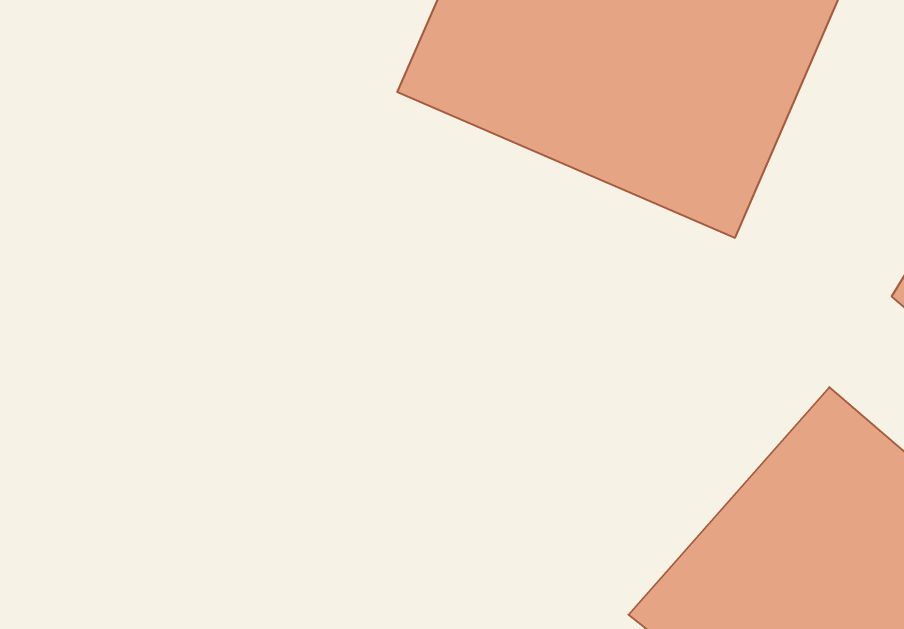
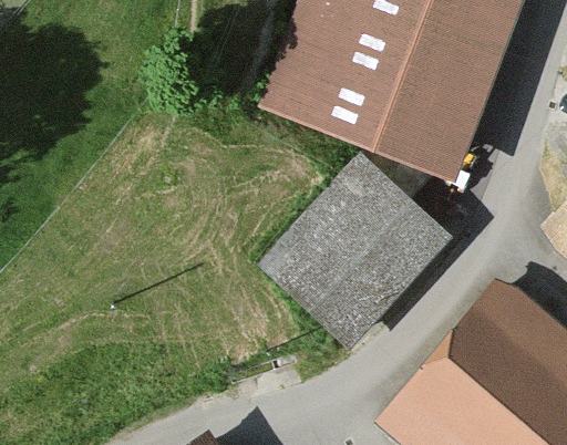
building: none -> [255,155,442,342]

